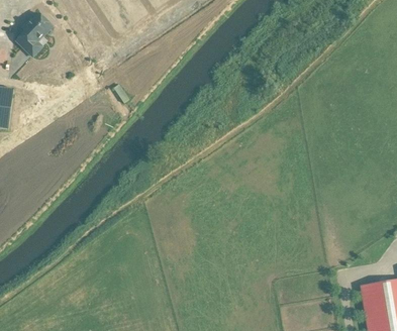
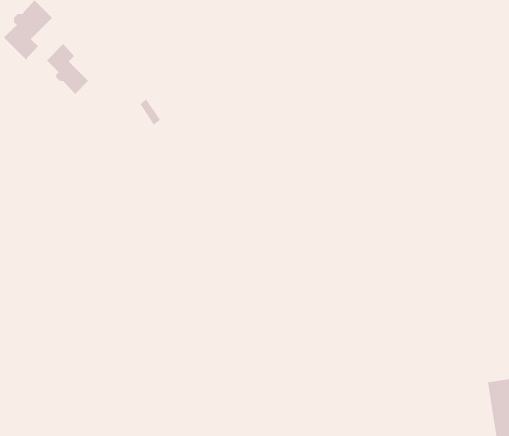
building: none -> [46,43,89,95]

